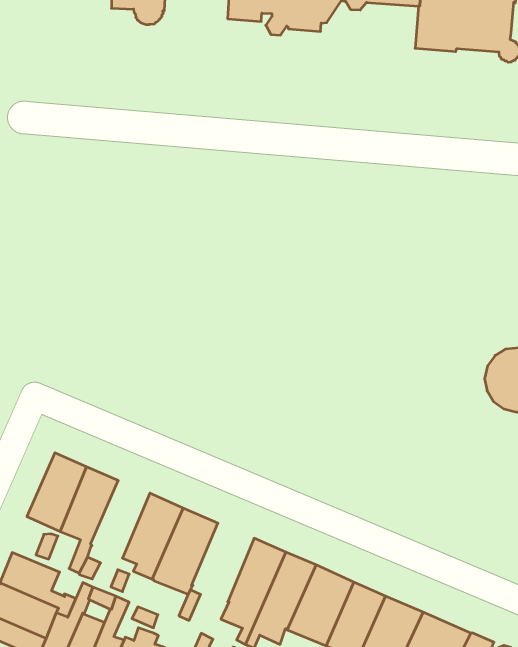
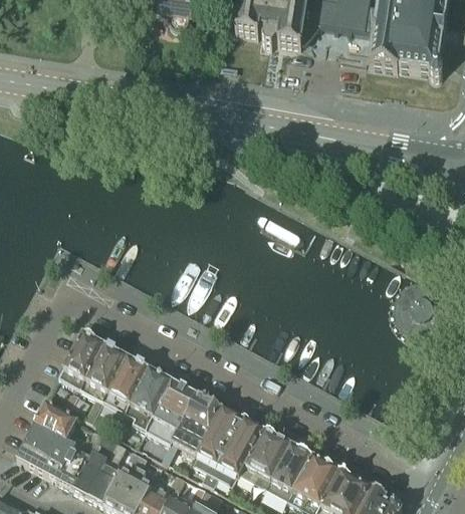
building: none -> [102,354,149,411]
building: none -> [173,392,221,449]

